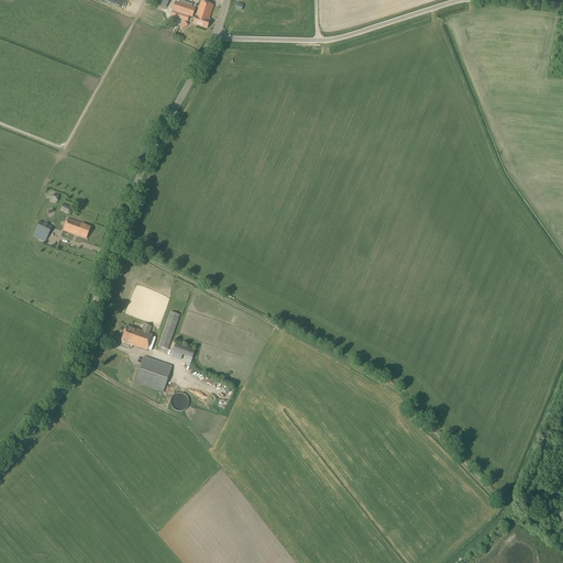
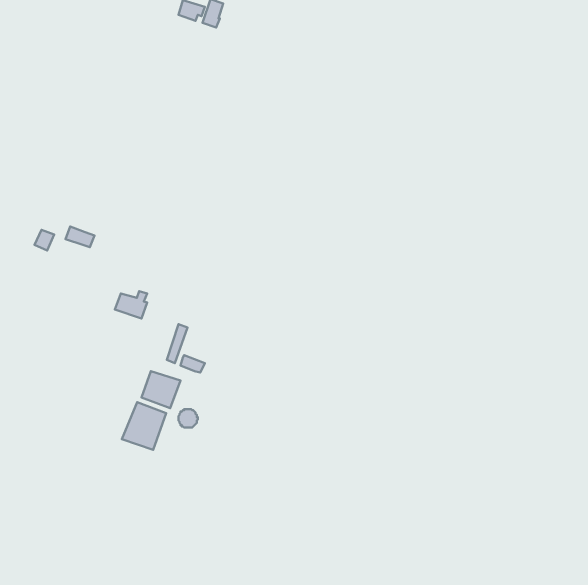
building: [121,322,152,349] -> [115,291,147,319]
building: none -> [122,402,166,450]

